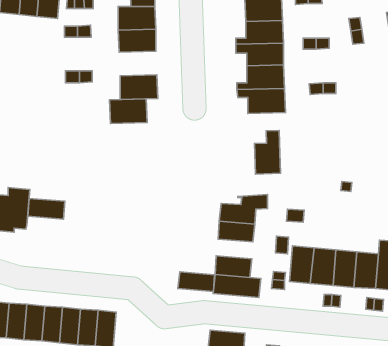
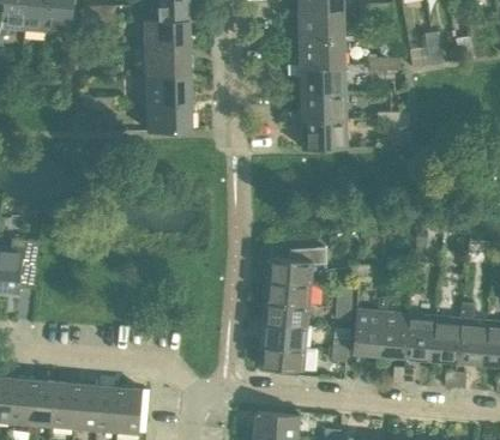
building: [110,99,147,124] -> [146,74,192,104]
building: [255,131,280,174] -> none
building: [28,198,65,219] -> none
building: [178,272,214,292] -> [264,302,308,326]

